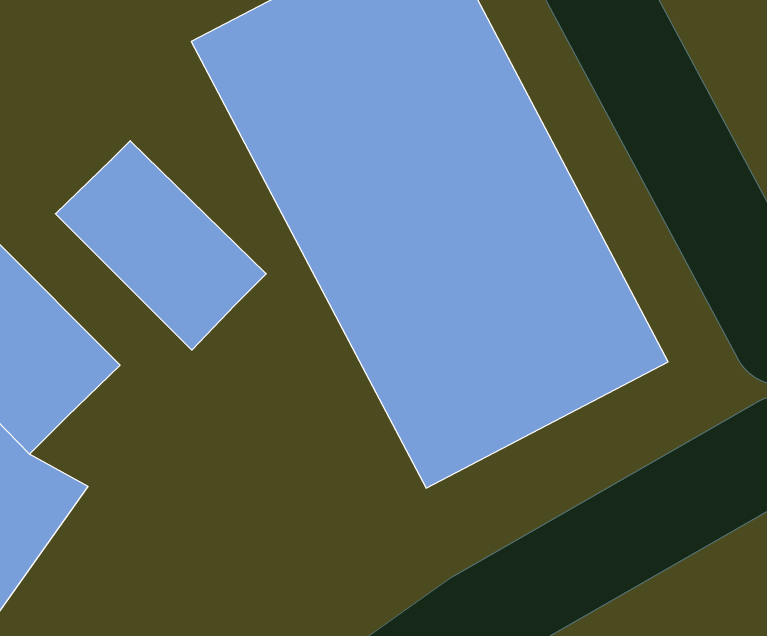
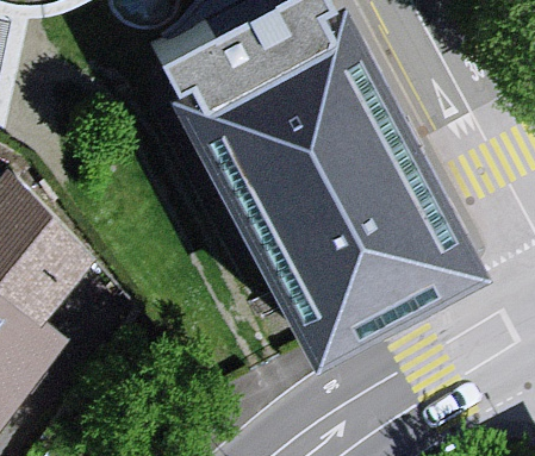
building: [55,141,266,350] -> none

